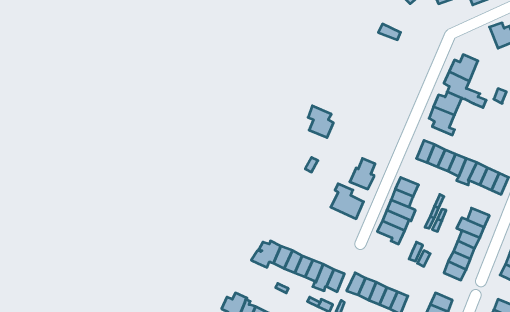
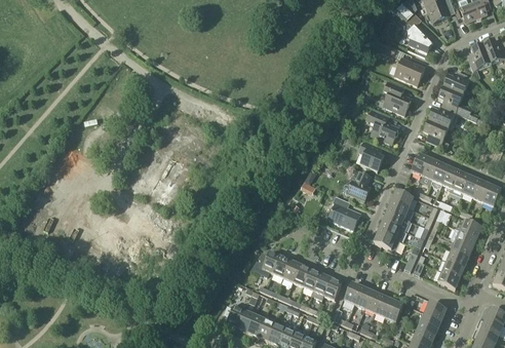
building: none -> [407,23,433,54]
building: none -> [468,42,491,77]
building: none -> [394,55,425,83]
building: none -> [384,80,412,113]
building: none -> [367,108,398,142]
building: [308,106,333,138] -> [359,139,384,169]

